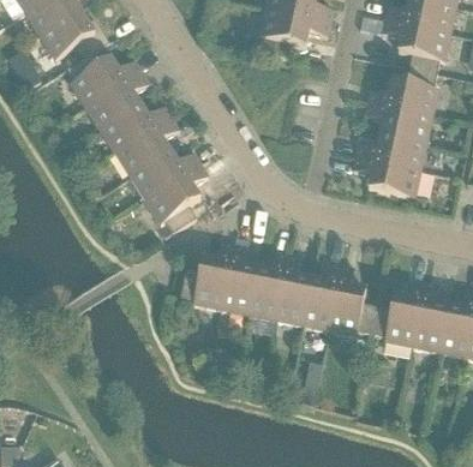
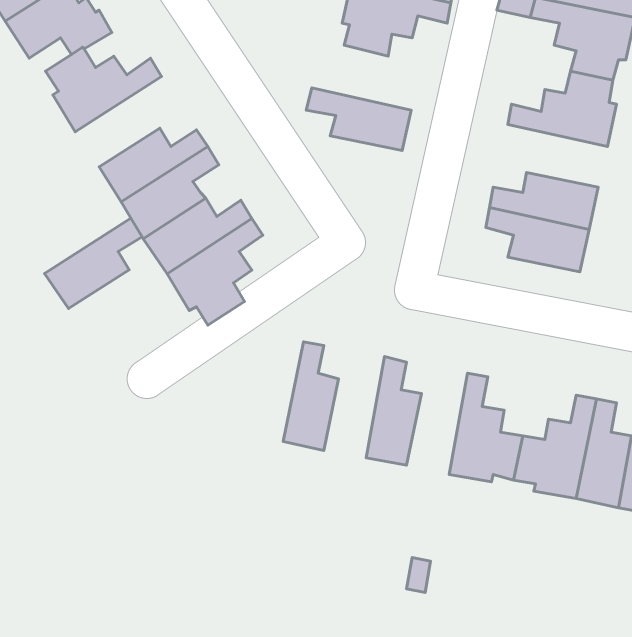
building: [86,72,150,131] -> [44,218,142,309]
building: [365,103,433,144] -> [306,88,411,151]
building: [181,241,235,310] -> none
building: [249,252,288,321] -> none
building: [303,263,342,331] -> none

